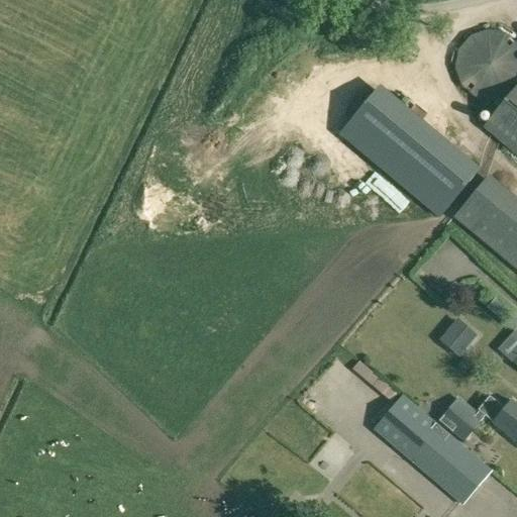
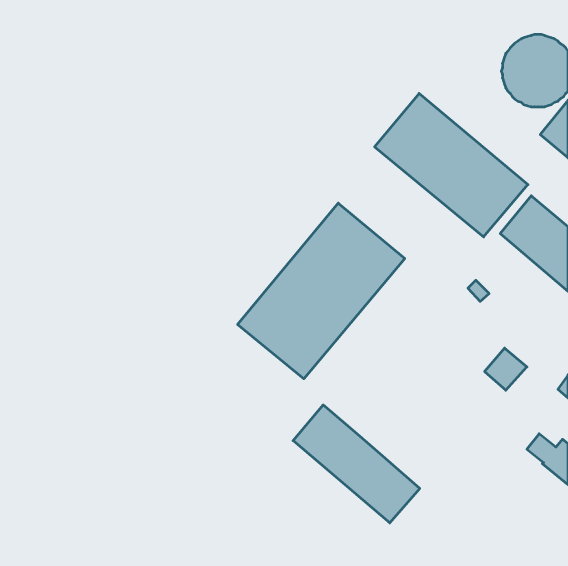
building: none -> [238,203,405,379]
building: [375,395,490,502] -> [293,405,420,523]
building: [439,398,485,440] -> none

